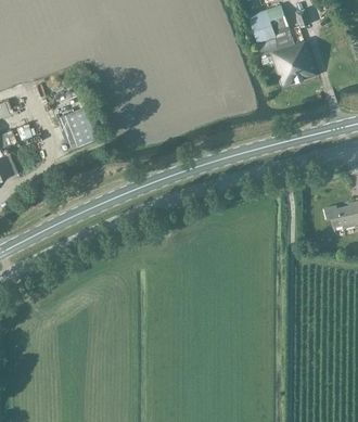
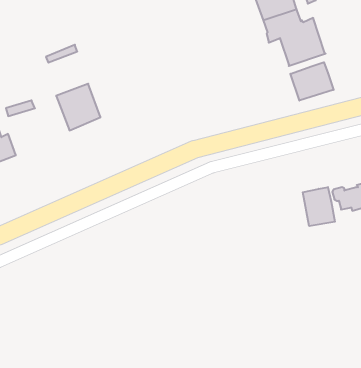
building: none -> [290,62,334,101]
building: none -> [303,187,335,226]

